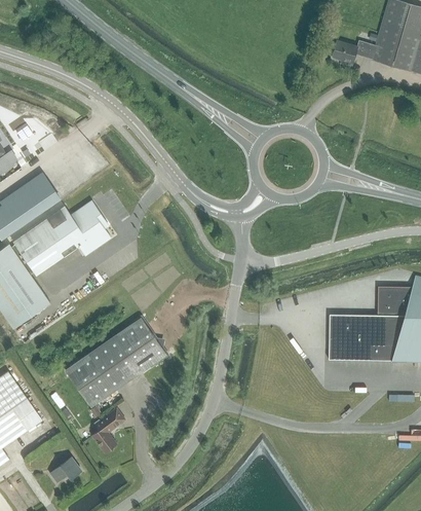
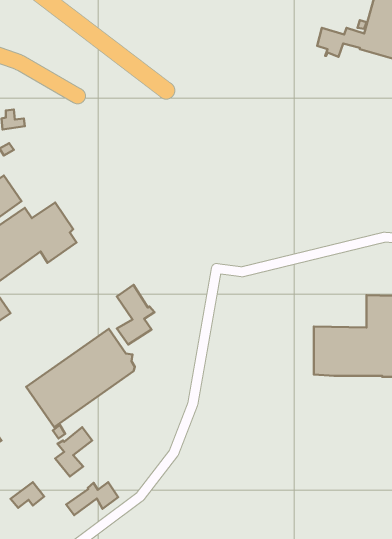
building: none -> [117,285,155,344]
building: none -> [66,482,118,515]

